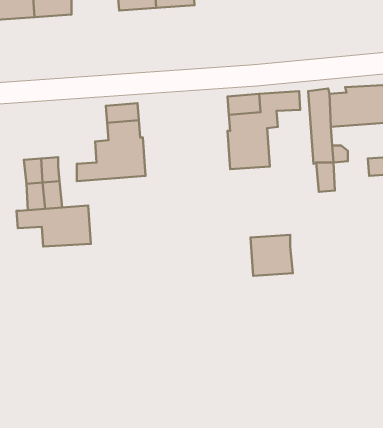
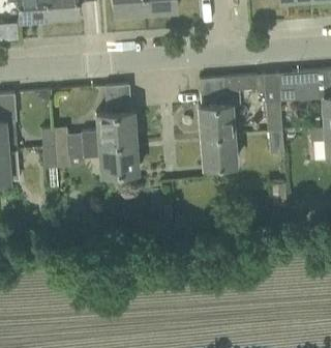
building: [17,206,91,247] -> [80,143,138,175]
building: [251,235,293,276] -> [202,136,235,168]

